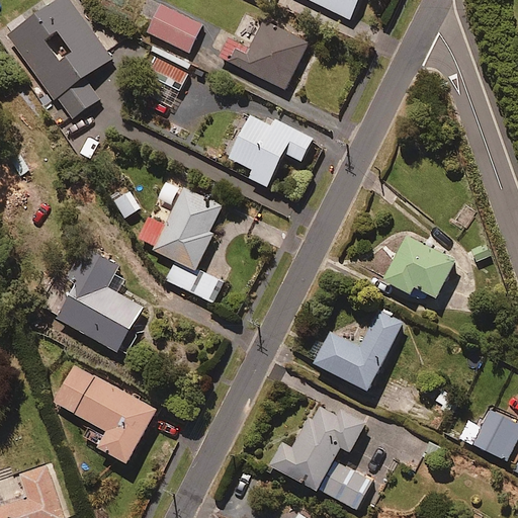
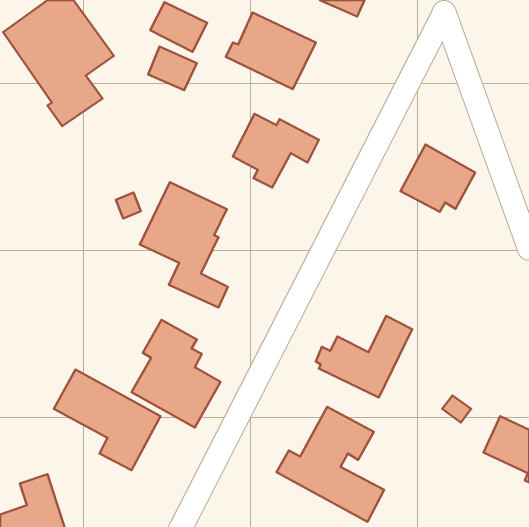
building: [382,234,455,299] -> [400,145,475,212]
building: [55,245,142,350] -> [132,320,221,427]

